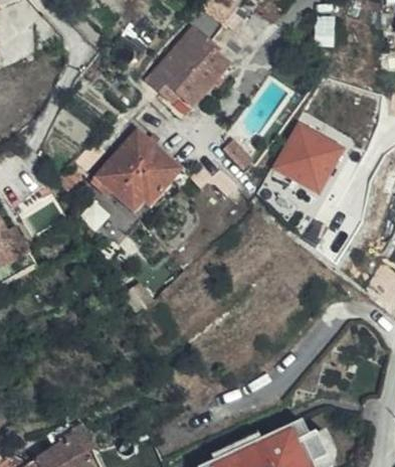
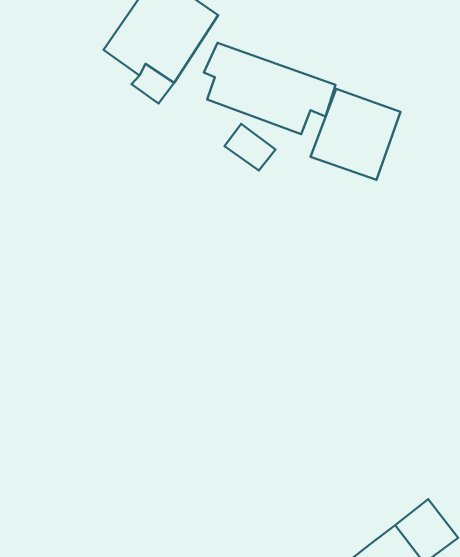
building: none -> [204,43,336,134]
building: [90,127,184,214] -> none

